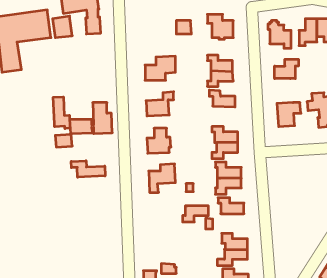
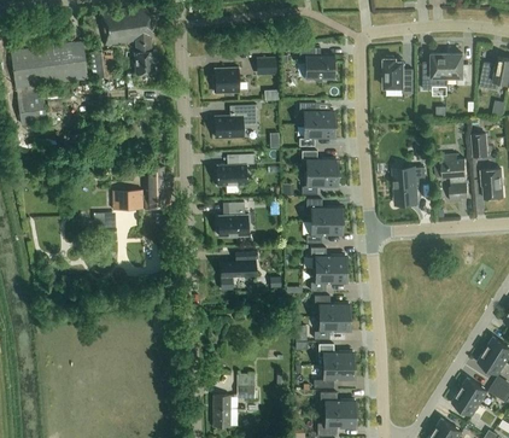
building: none -> [212,68,239,92]
building: [275,59,298,79] -> none
building: [53,97,70,129] -> none
building: none -> [302,171,337,193]
building: [71,161,105,177] -> none
building: [183,206,208,222] -> [314,317,349,339]

